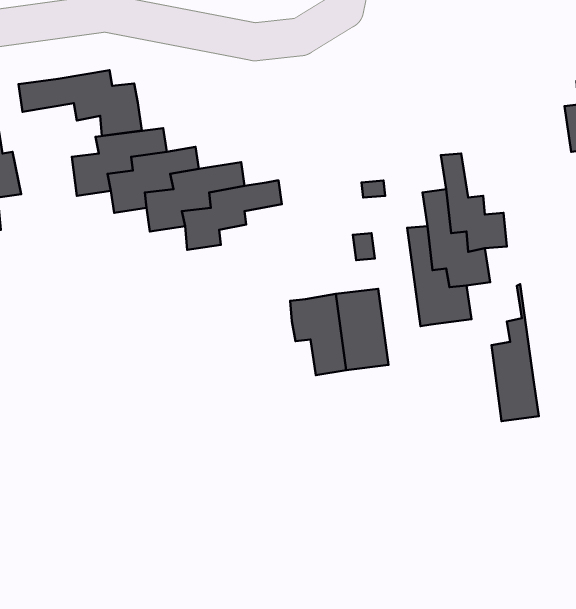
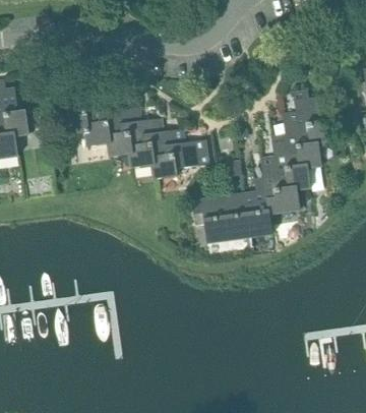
building: [18,70,142,136] -> none
building: none -> [292,88,332,148]
building: none -> [148,138,207,179]
building: [491,284,539,421] -> [244,156,272,238]

